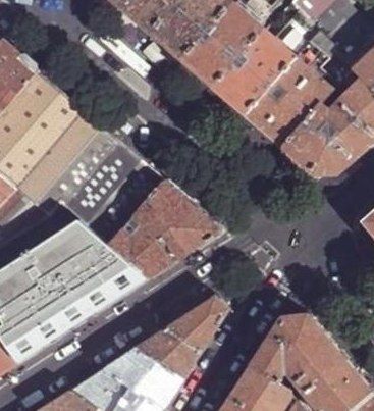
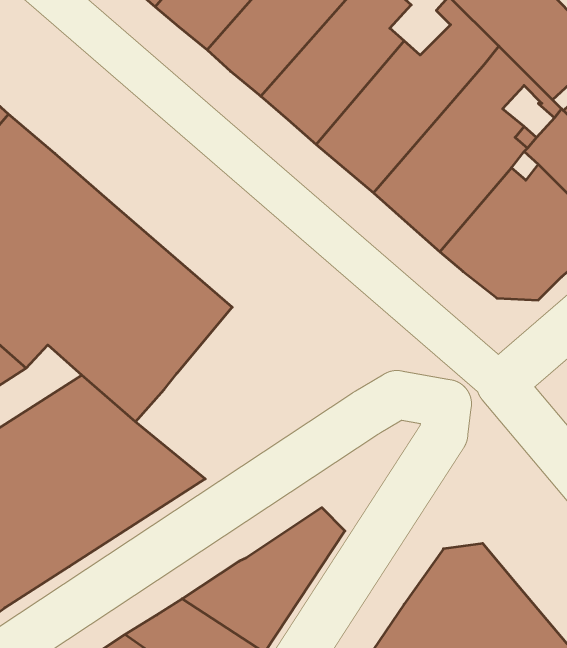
building: [108,181,219,278] -> none

